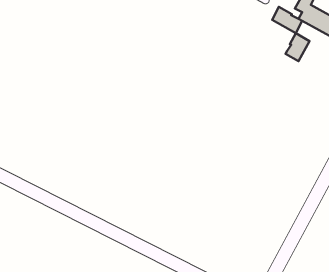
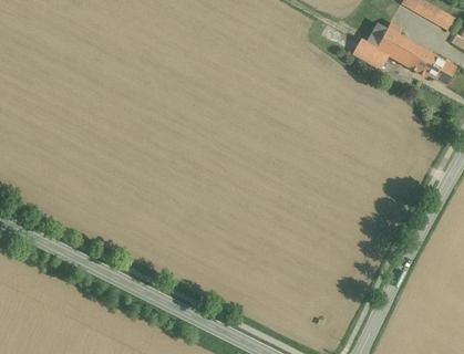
building: [285,33,310,61] -> none

